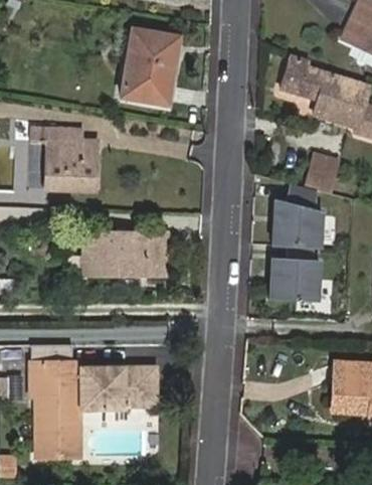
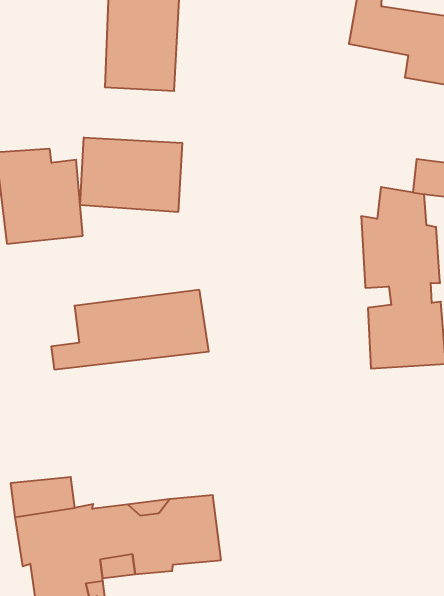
building: none -> [80,137,182,212]

